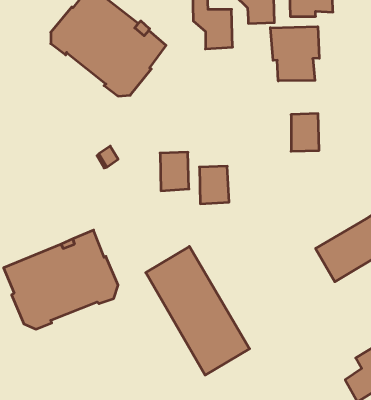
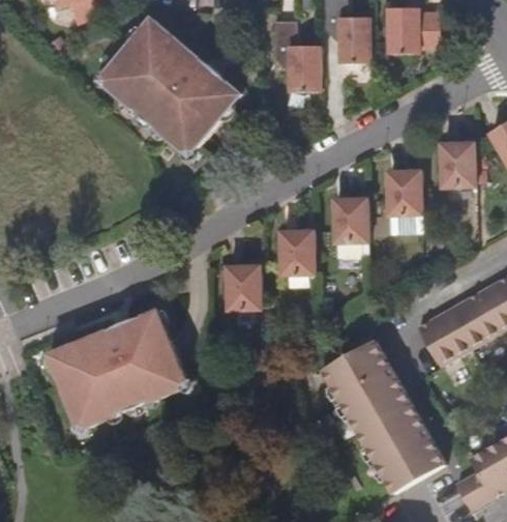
building: [270,27,319,81] -> none
building: none -> [440,142,475,186]
building: none -> [332,198,367,243]
building: [160,152,189,191] -> [227,266,261,312]
building: [146,246,250,375] -> [323,344,446,496]

